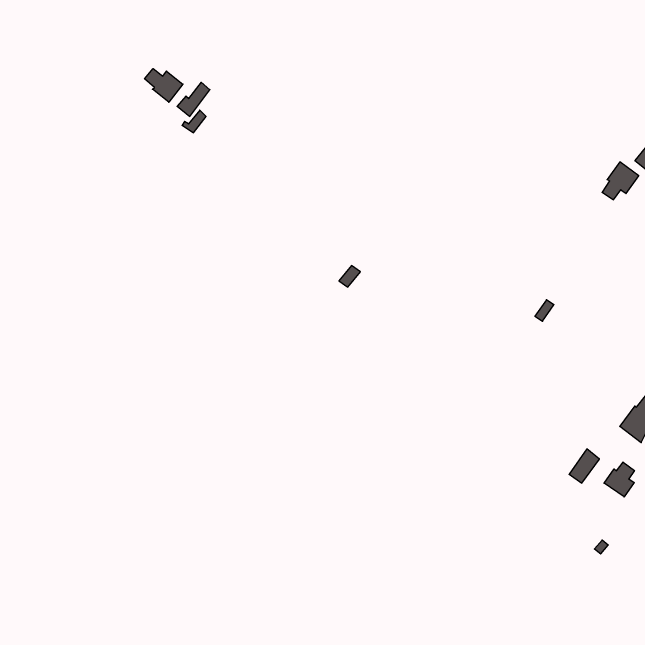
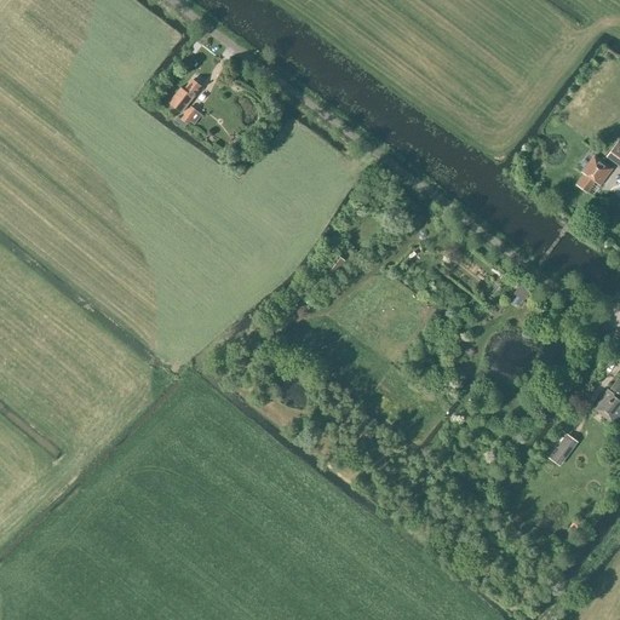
building: [145,69,183,102] -> none
building: [604,462,634,497] -> none

